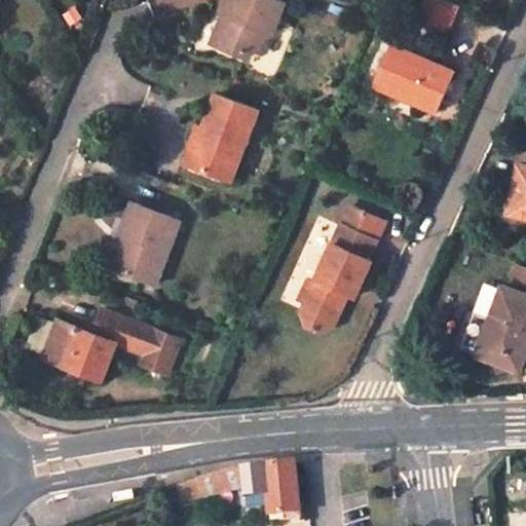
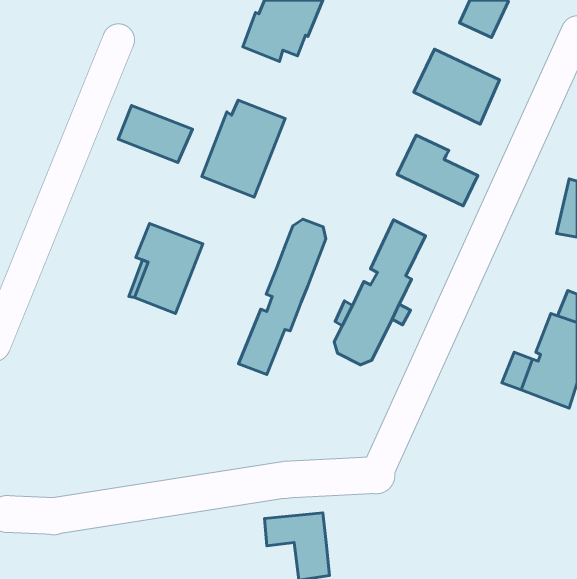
building: none -> [118,106,192,163]
building: none -> [397,135,478,206]
building: none -> [238,219,326,375]
building: [43,306,177,376] -> none

